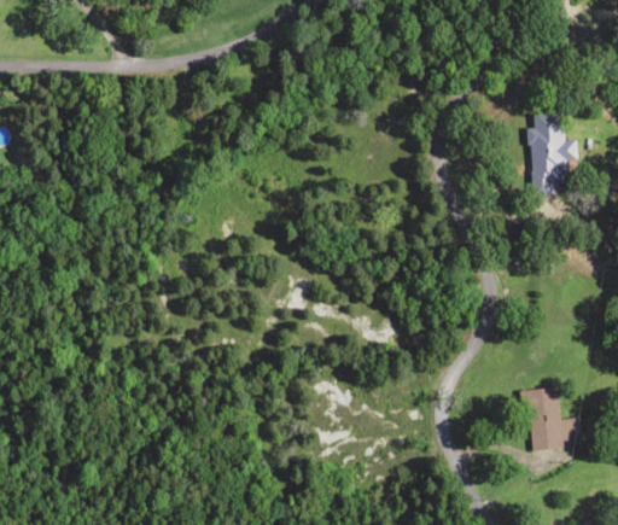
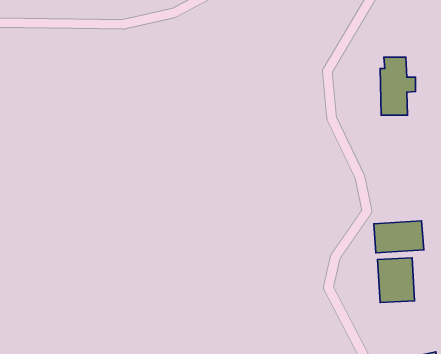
building: none -> [374,221,424,253]

